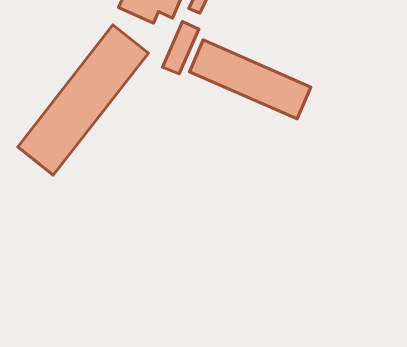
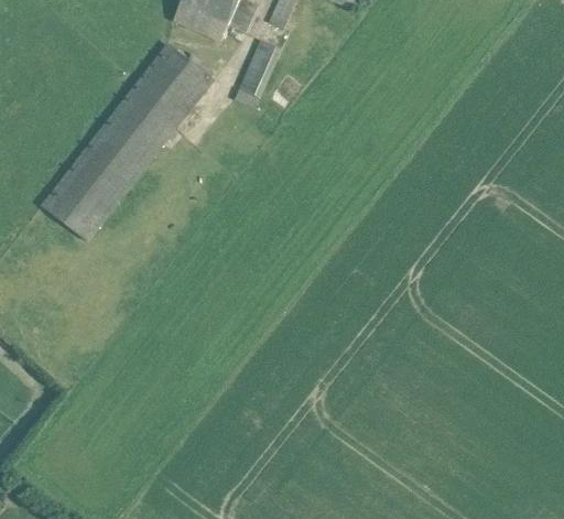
building: [189,40,311,119] -> none

